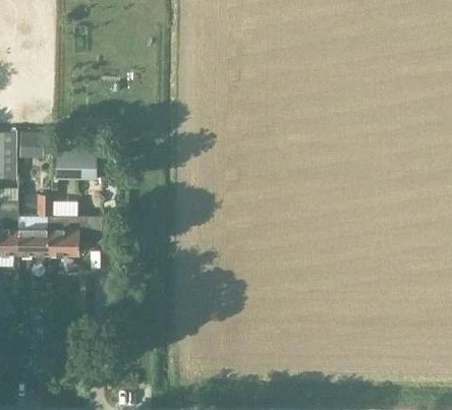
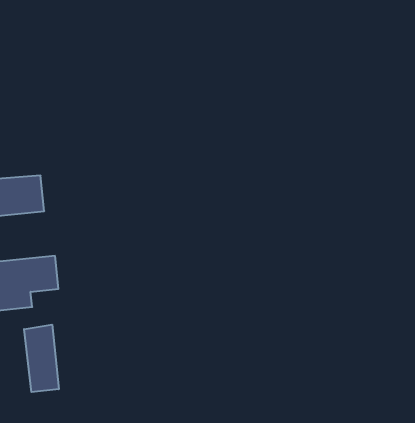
building: none -> [24,325,59,392]

